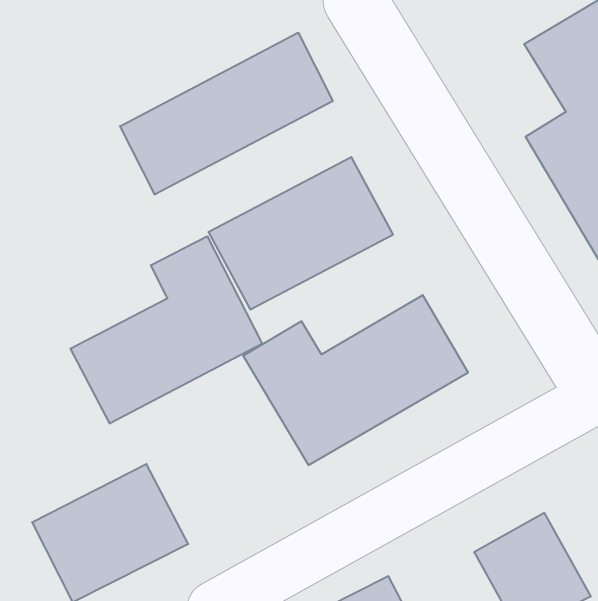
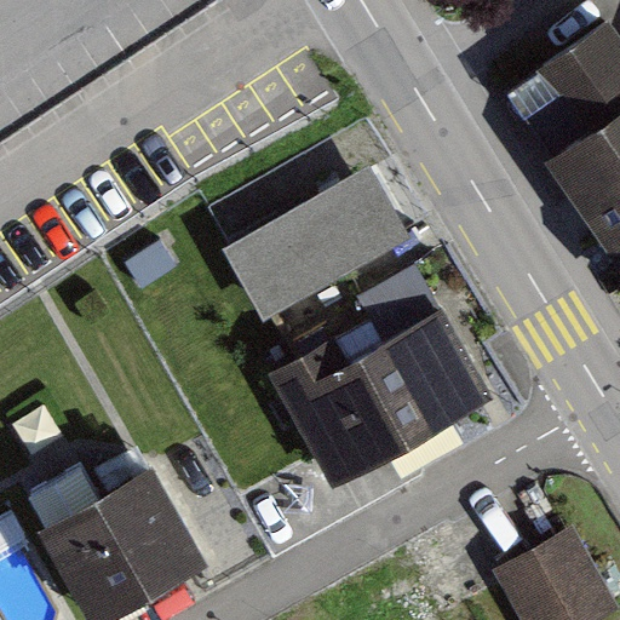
building: [120,33,333,195] -> none
building: [71,236,262,424] -> none

